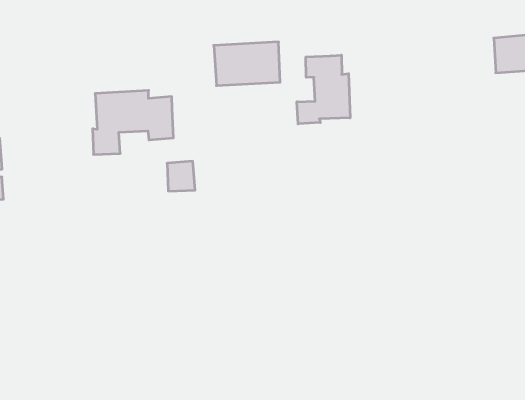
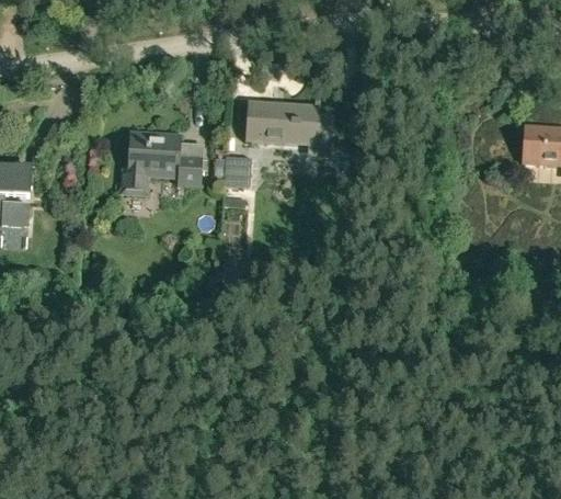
building: [297,55,350,124] -> none
building: [167,161,195,191] -> [222,158,250,188]

